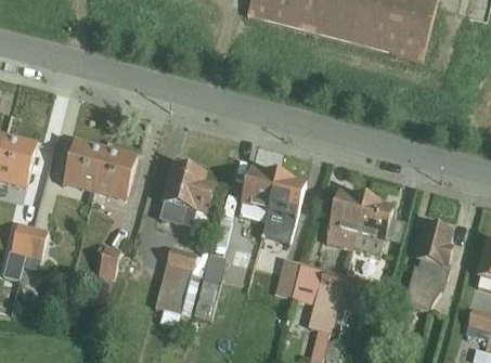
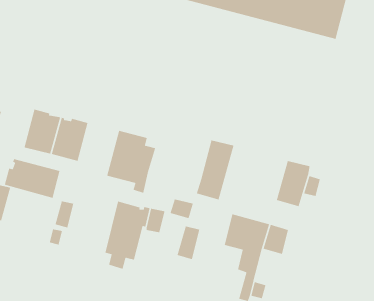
building: [238,167,277,220] -> none
building: [325,191,365,248] -> none
building: none -> [4,158,61,199]
building: [403,217,454,309] -> none
building: [274,257,301,297] -> [177,225,200,260]

